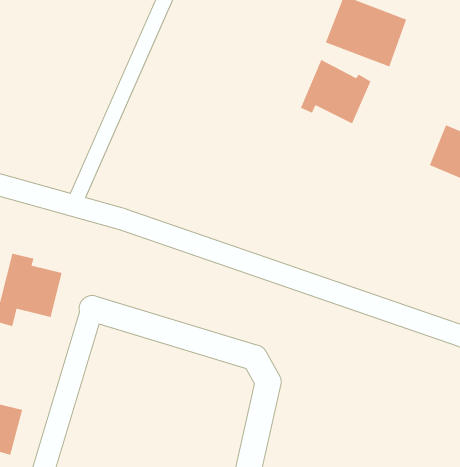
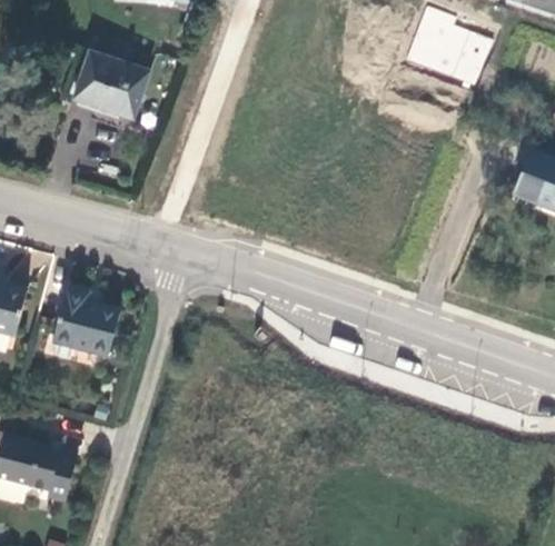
building: none -> [73,51,149,120]
building: [300,59,372,124] -> none

